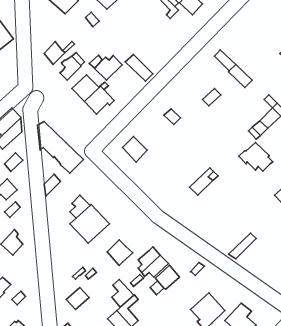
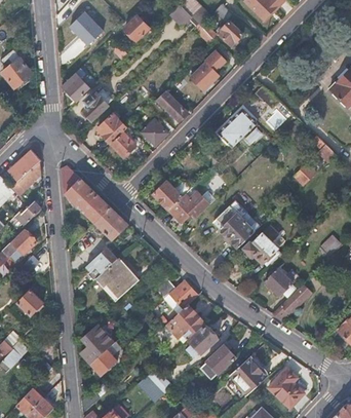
building: none -> [190,49,225,89]
building: [95,55,122,80] -> [142,117,172,145]
building: none -> [216,108,257,148]
building: none -> [168,187,196,223]
building: [239,143,273,171] -> [243,233,281,265]
building: none -> [212,201,250,238]
building: none -> [94,207,127,241]
building: none -> [264,269,299,298]
building: [107,240,133,266] -> [169,280,198,309]
building: [112,280,134,307] -> [81,333,106,364]
building: none -> [205,345,234,374]

